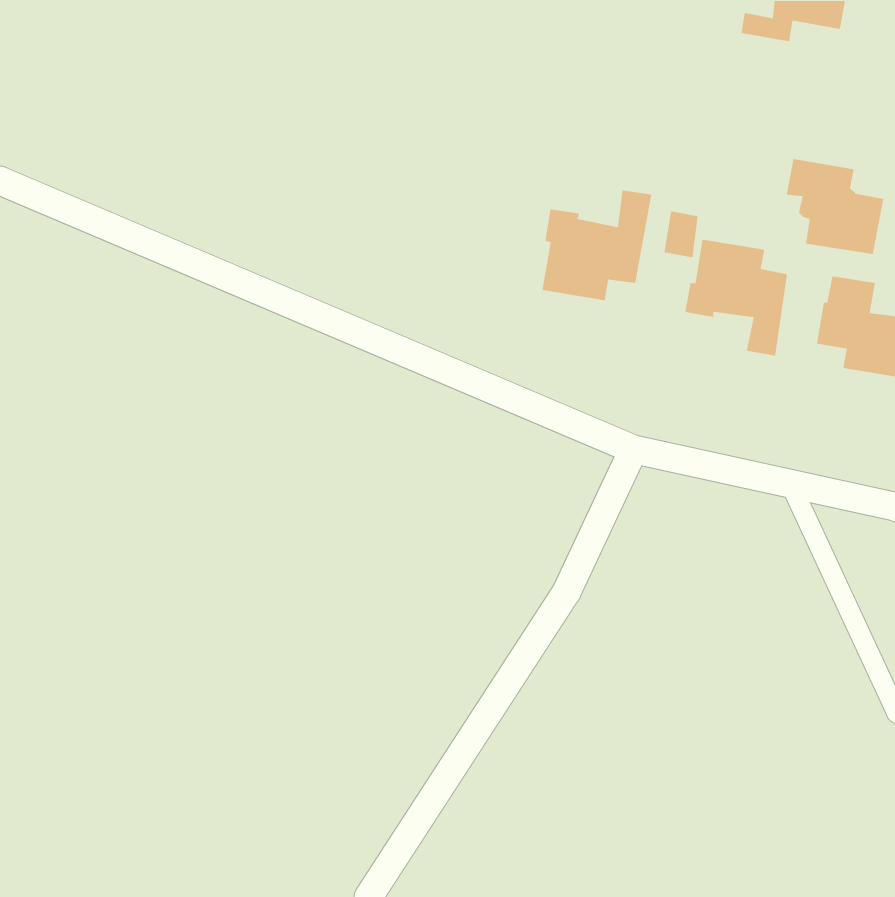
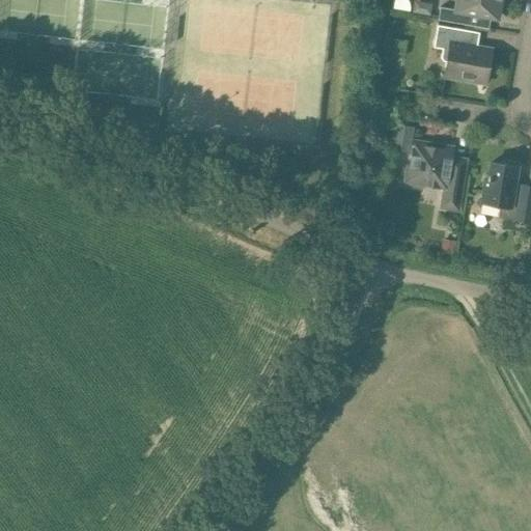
building: [786,158,884,255] -> [435,26,493,83]
building: [541,189,652,301] -> none

